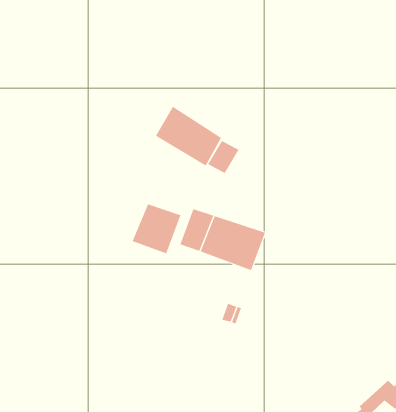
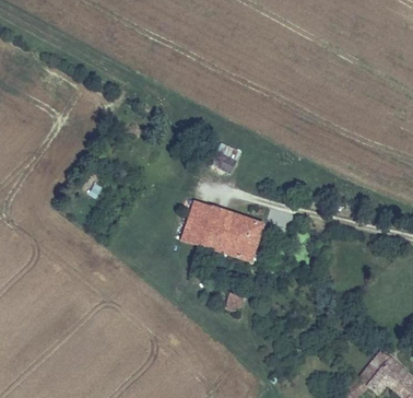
building: [155,106,222,166] -> none
building: [132,204,181,254] -> none

